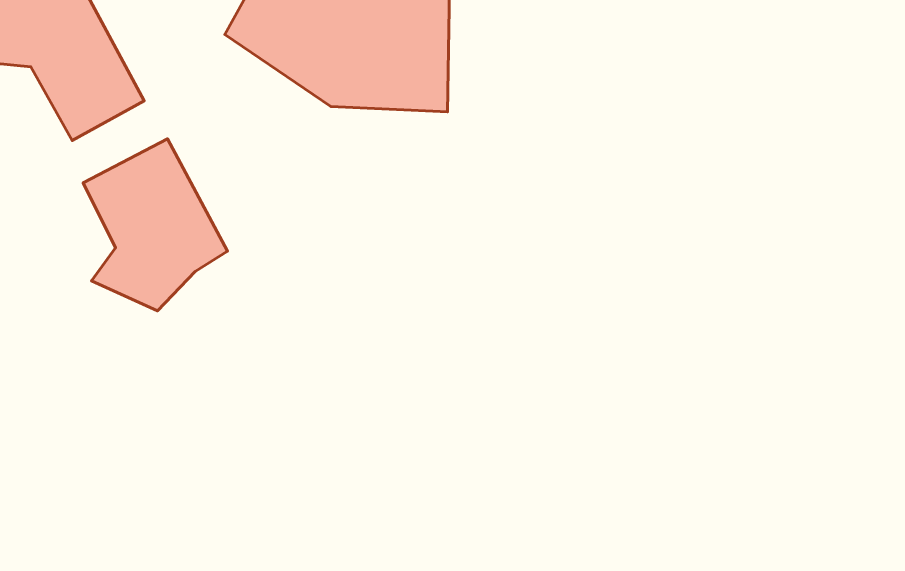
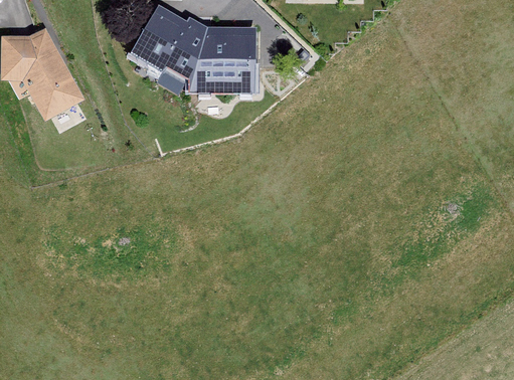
building: [83,139,228,311] -> none

